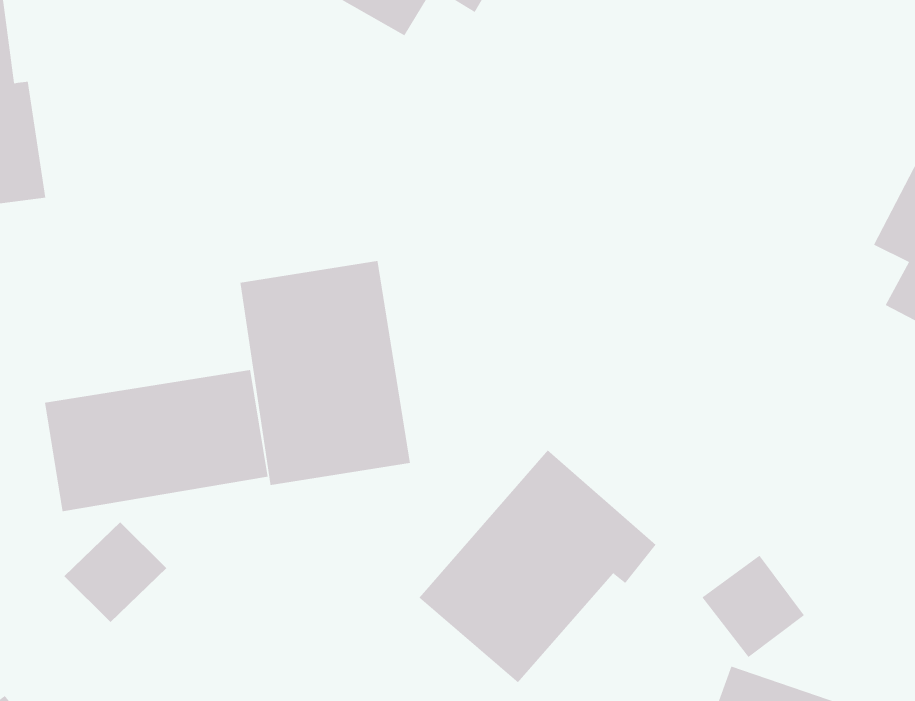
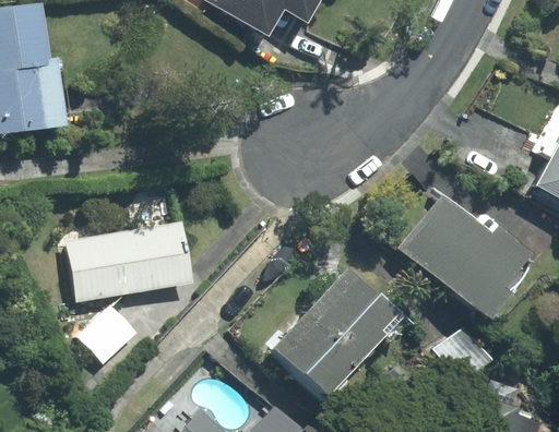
building: [240,260,411,486] -> none
building: none -> [400,195,533,319]

